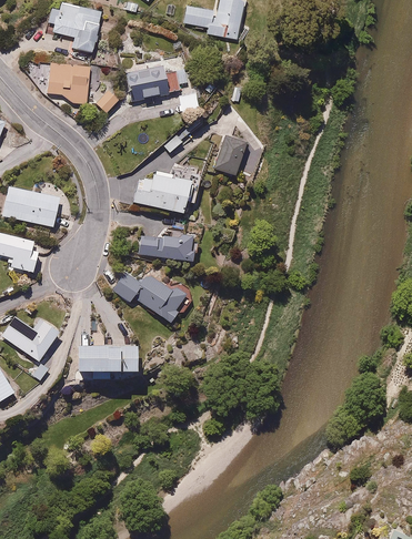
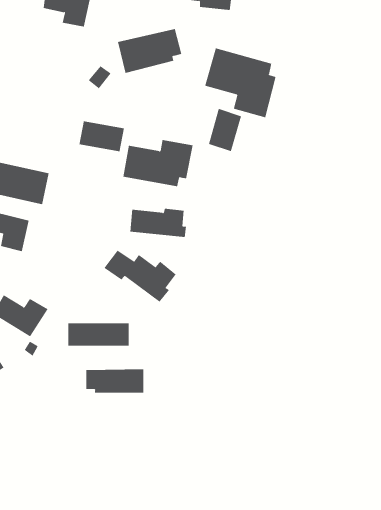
building: [47,63,89,104] -> none
building: none -> [205,47,276,118]
building: none -> [79,121,124,152]
building: none -> [86,369,144,394]

